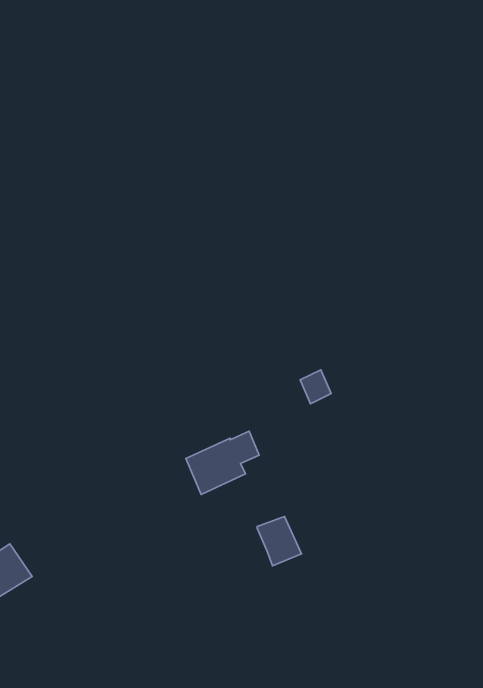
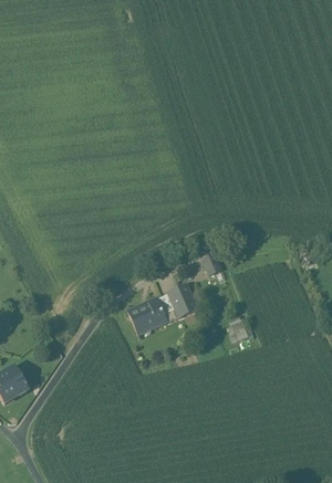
building: [257,516,302,566] -> [168,285,197,317]

